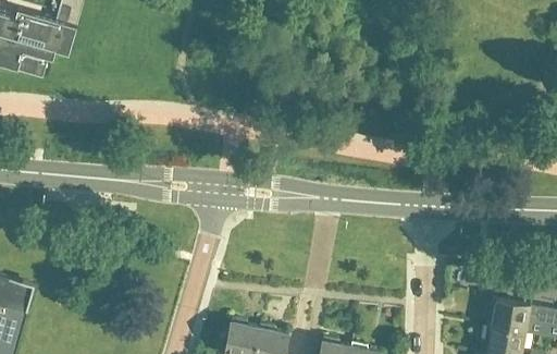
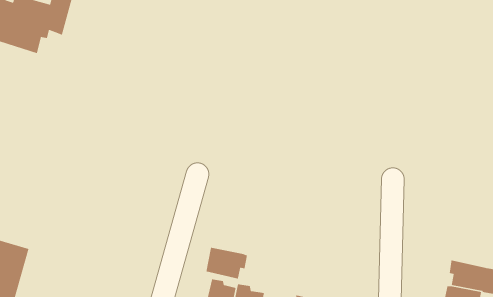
building: none -> [206,247,248,279]

